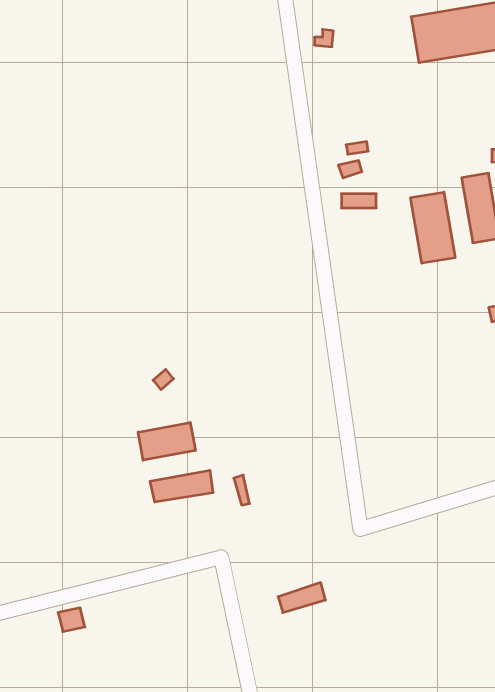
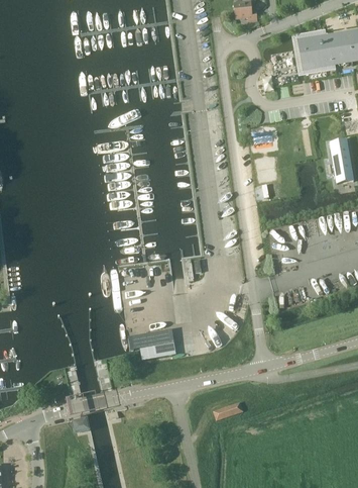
building: [411,192,455,263] -> none
building: [138,422,195,460] -> none

